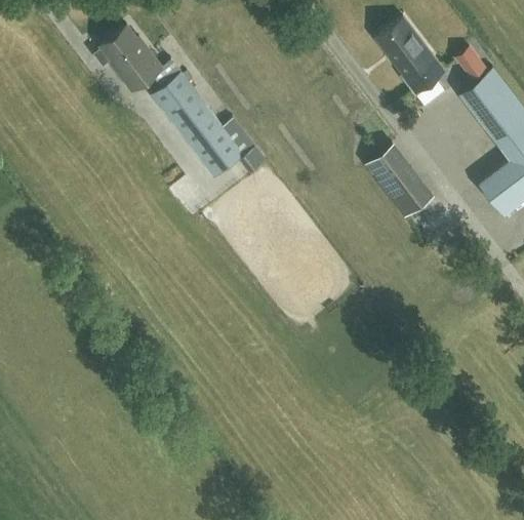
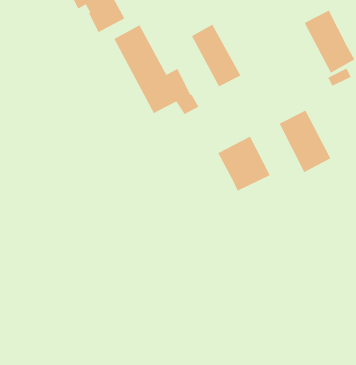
building: none -> [191,24,241,87]
building: none -> [218,136,270,192]

